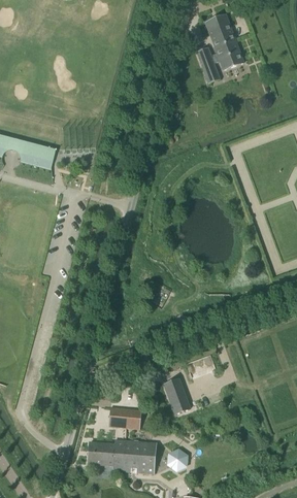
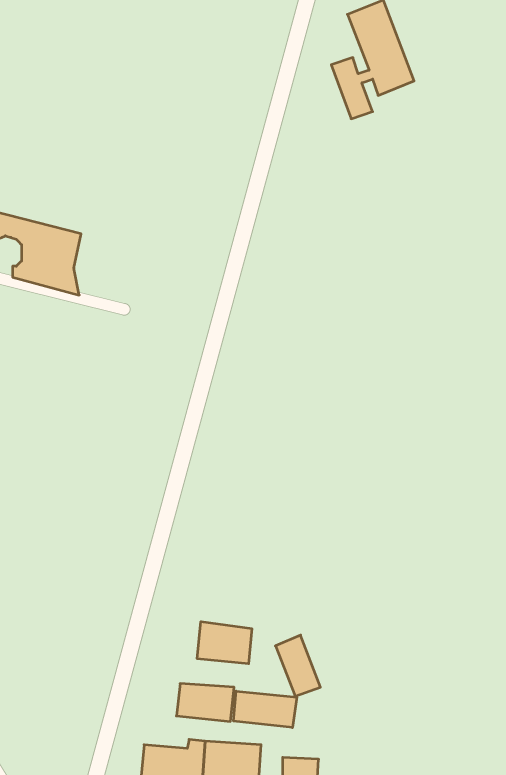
building: none -> [197,622,252,664]
building: none -> [234,691,297,728]

